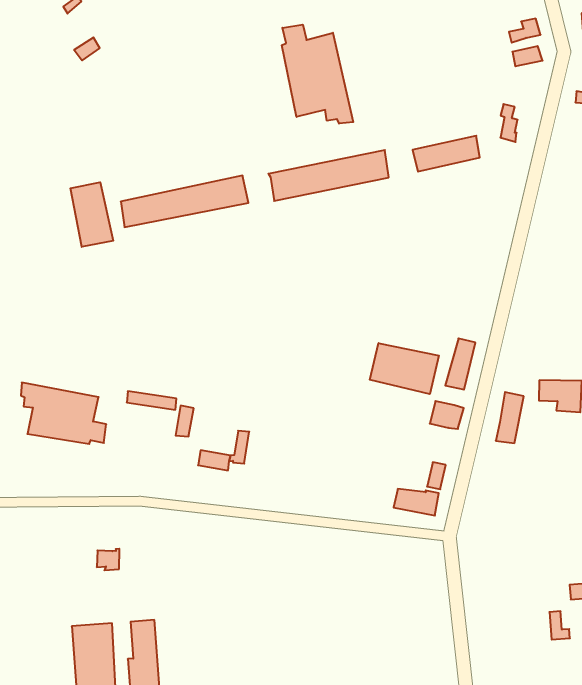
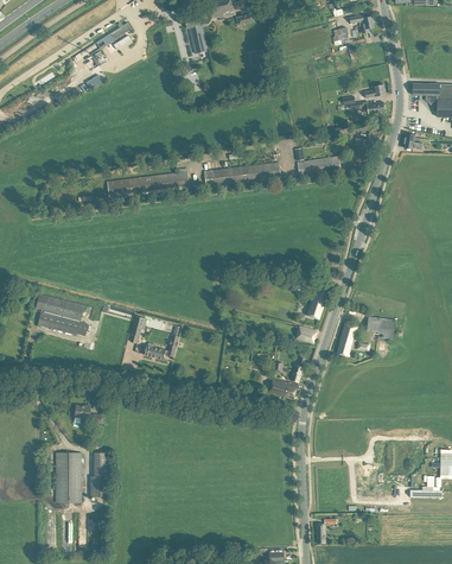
building: [282,25,353,124] -> none
building: [70,182,113,247] -> none
building: [370,343,439,394] -> none

